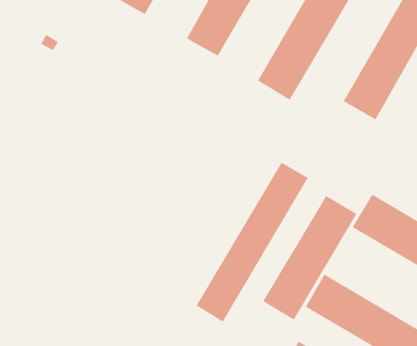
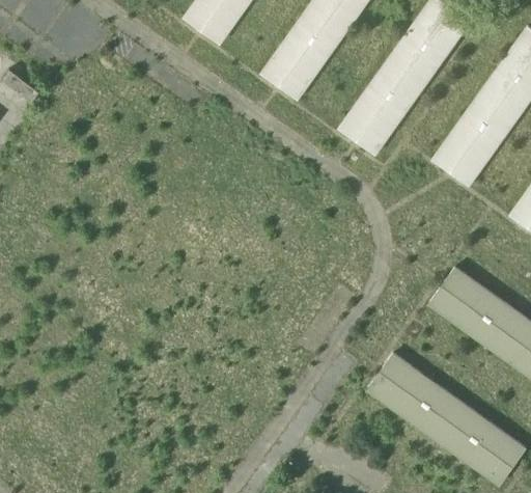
building: [196,162,308,323] -> none
building: [263,195,357,320] -> none

